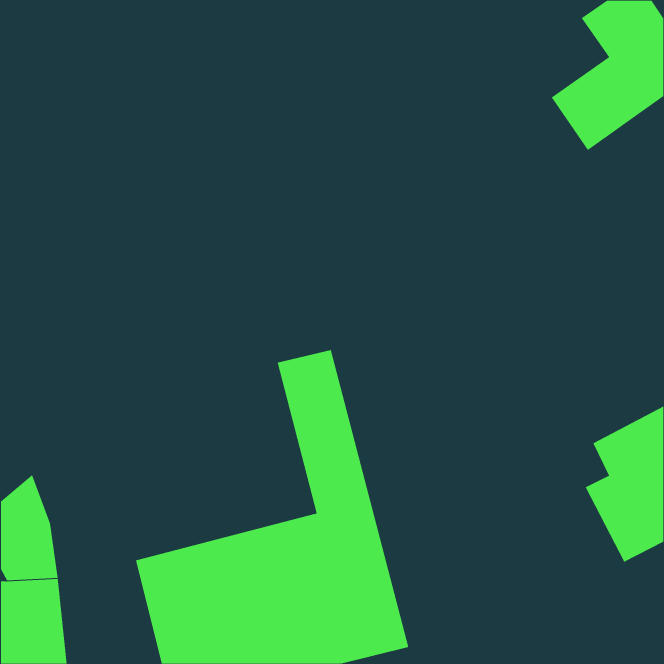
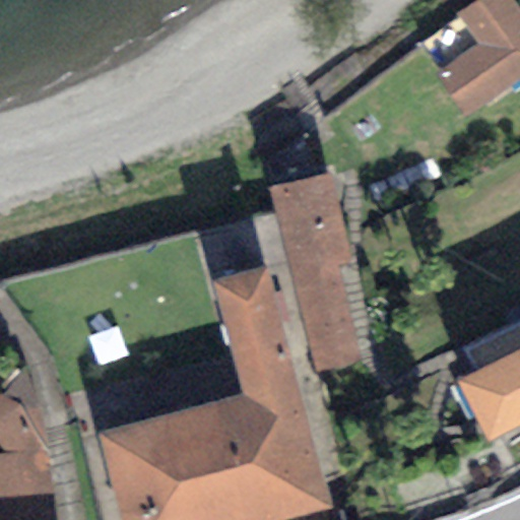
building: none -> [268,173,378,381]

